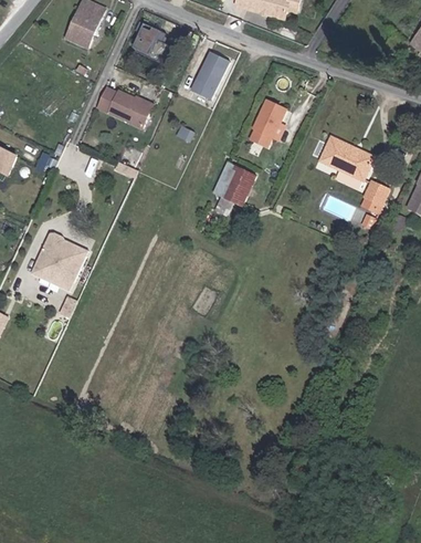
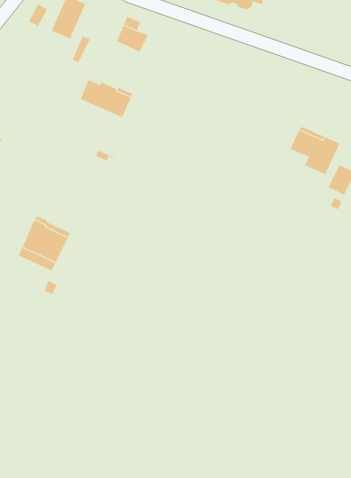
building: [191,48,230,94] -> none
building: [254,97,287,137] -> none
building: [203,161,256,222] -> none

